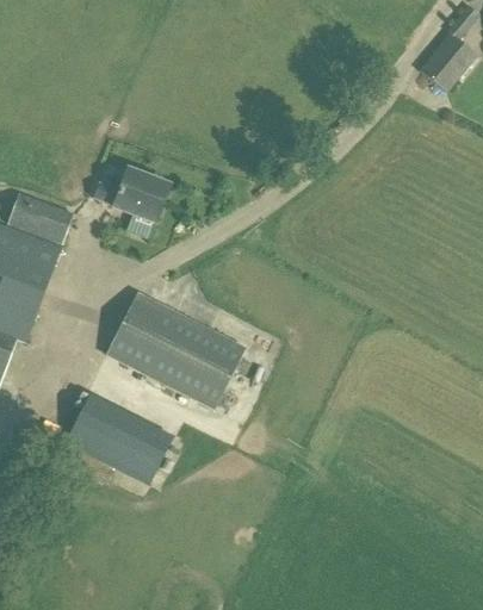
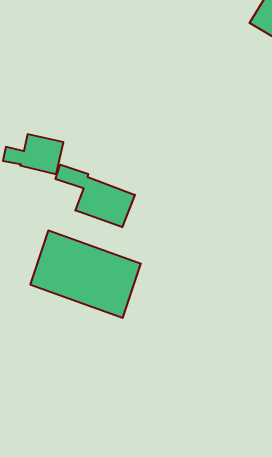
building: none -> [56,165,135,227]
building: [63,393,173,485] -> none

